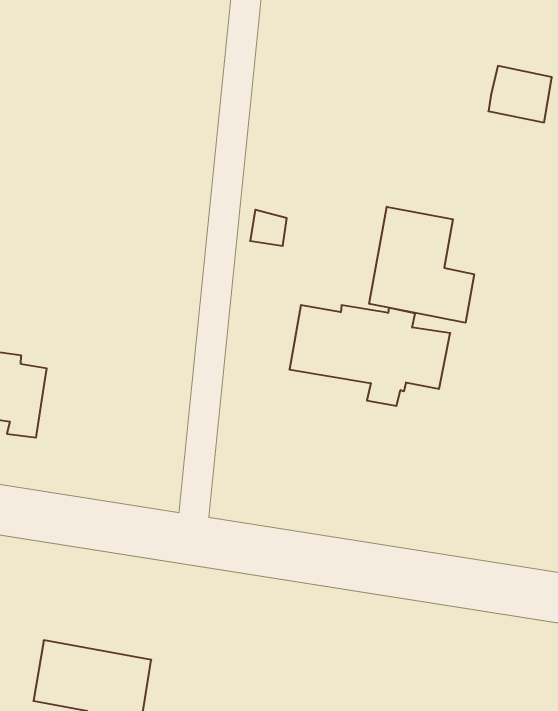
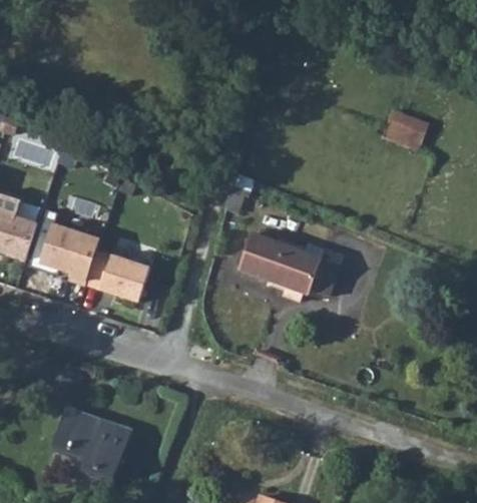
building: [369,207,474,323] -> none
building: none -> [83,252,148,304]

